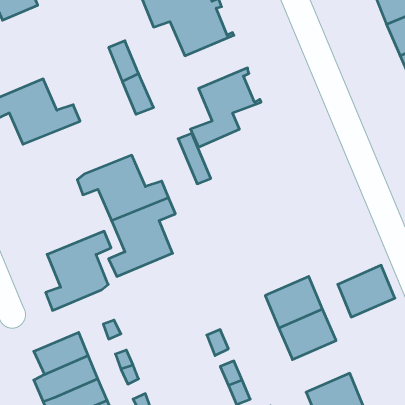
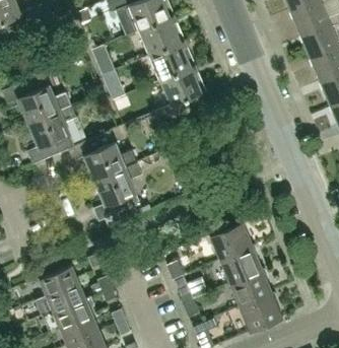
building: none -> [149,41,196,80]
building: [46,231,111,310] -> [27,105,76,163]
building: [338,265,395,317] -> [229,268,272,306]

